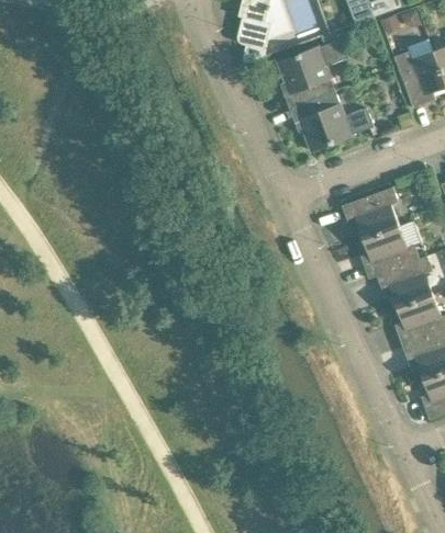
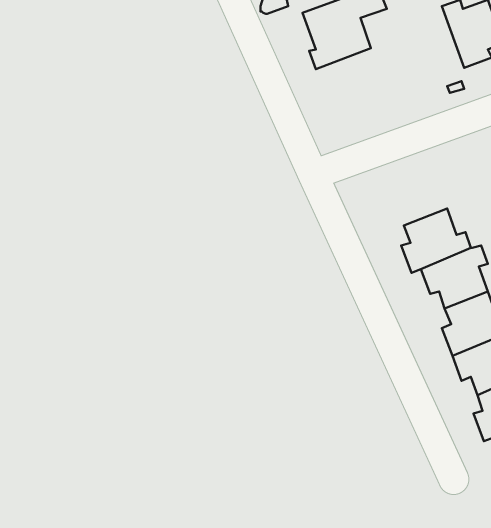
building: [289,91,374,150] -> none
building: [342,186,399,239] -> none

